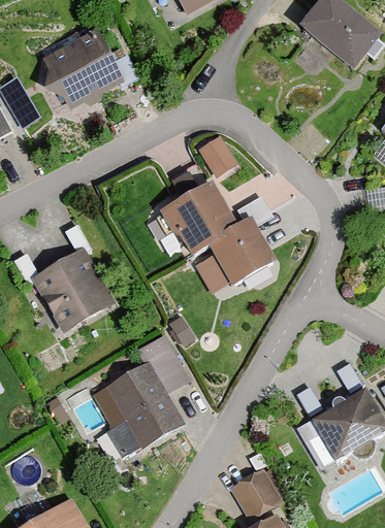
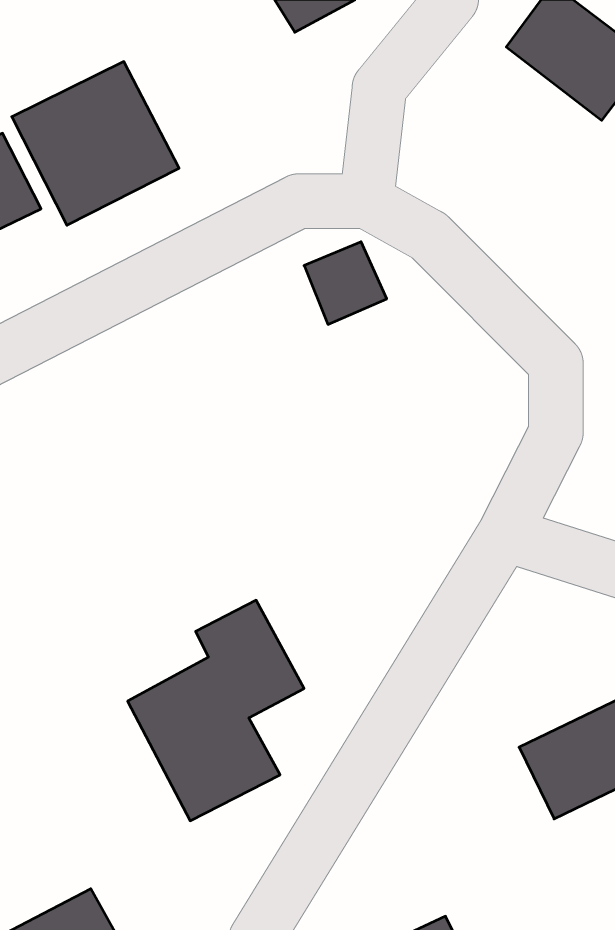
building: [163,182,282,297] -> none
building: [32,253,105,330] -> none
building: [232,469,281,518] -> none

